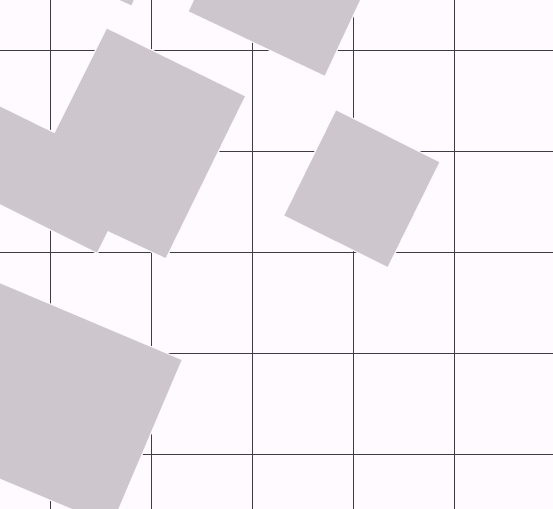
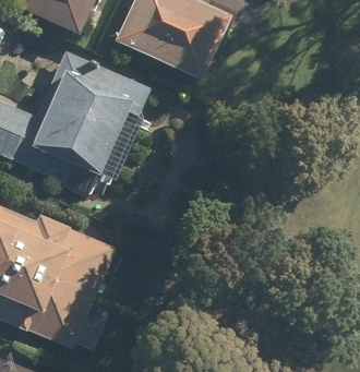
building: [283,110,440,268] -> none

